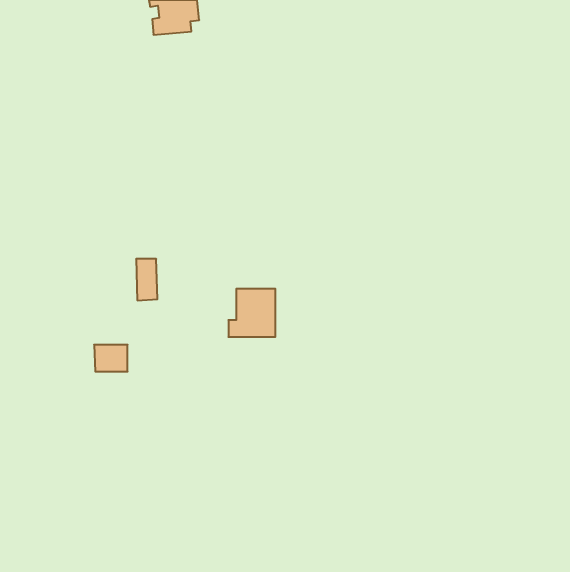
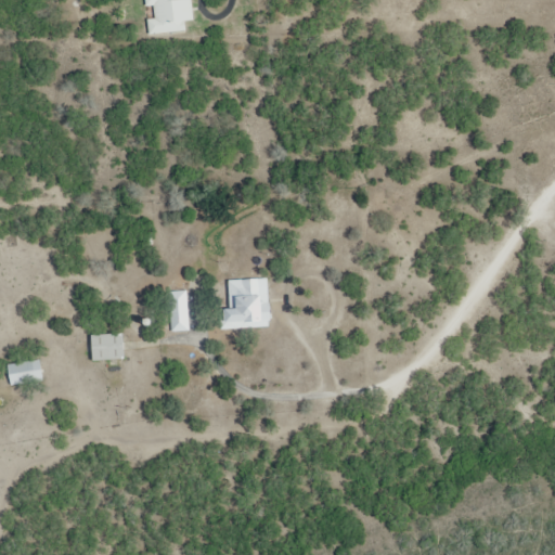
building: [136,259,157,300] -> [168,292,189,332]
building: none -> [7,357,43,386]

